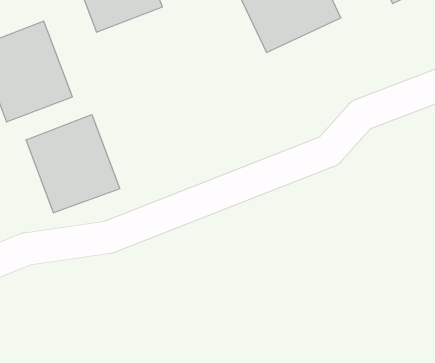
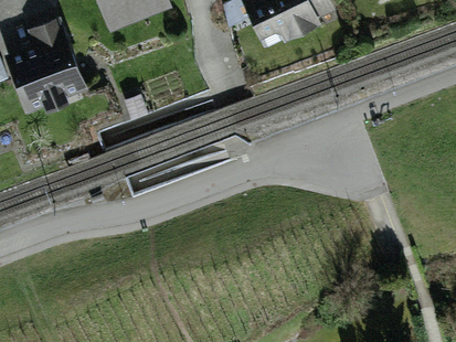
building: [26,115,120,213] -> none

